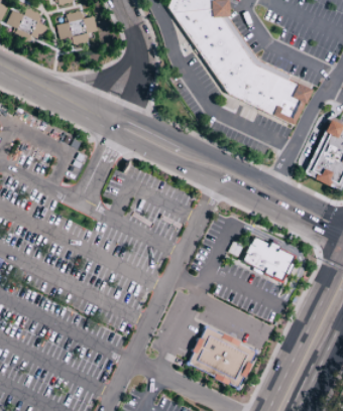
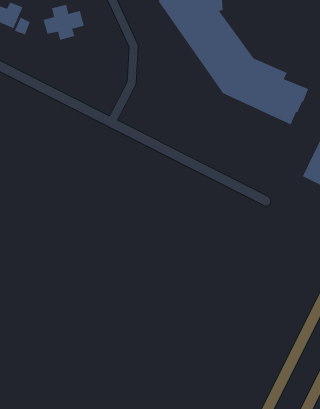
building: [240,234,295,281] -> none
building: [185,323,256,389] -> none

